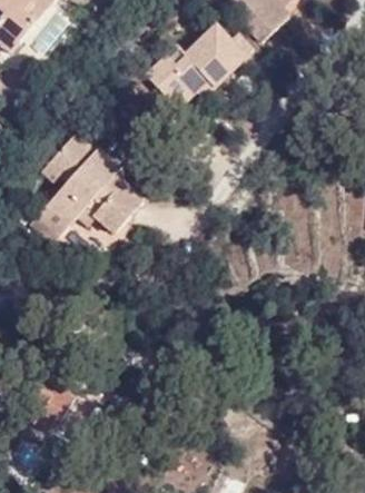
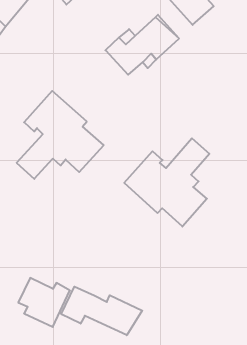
building: none -> [124,138,209,227]
building: none -> [61,287,142,335]

